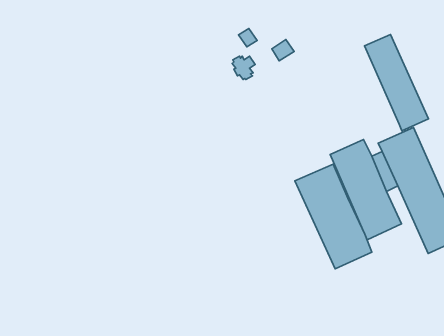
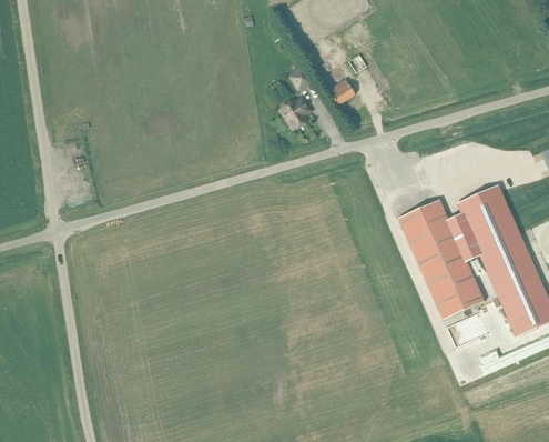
building: [364,34,428,131] -> none
building: [295,164,372,269] -> none

